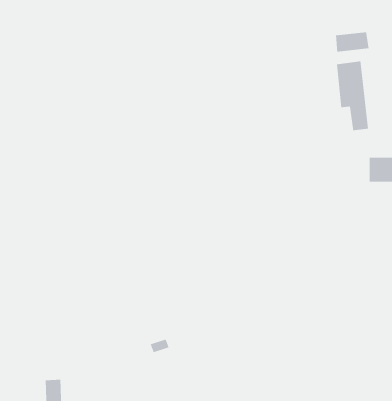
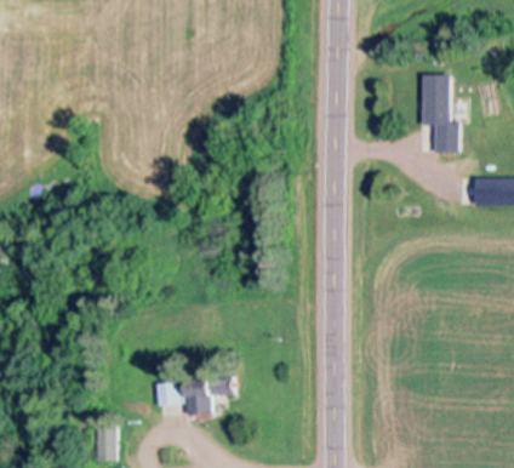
building: [335,31,369,53] -> none
building: none -> [158,382,211,412]

